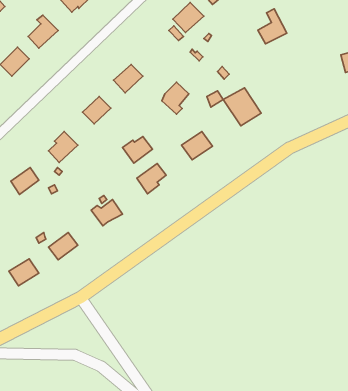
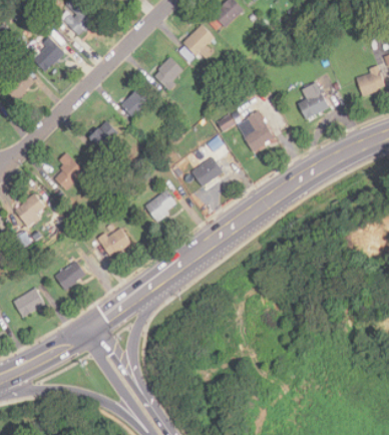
building: [258,9,287,44] -> [299,79,329,115]
building: [162,82,189,114] -> [154,57,182,90]
building: [122,136,152,163] -> none

